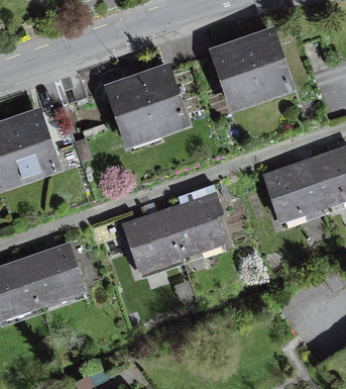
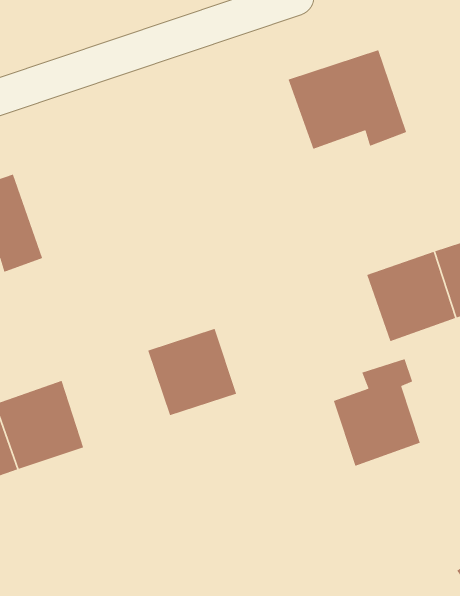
building: [109,69,186,133] -> none
building: [167,185,224,255] -> [333,358,421,467]

